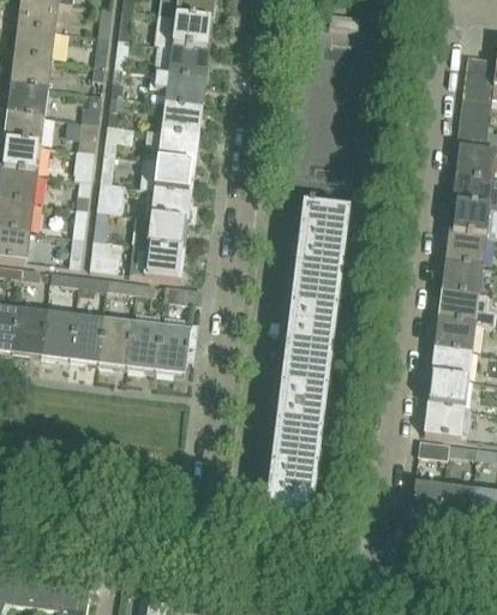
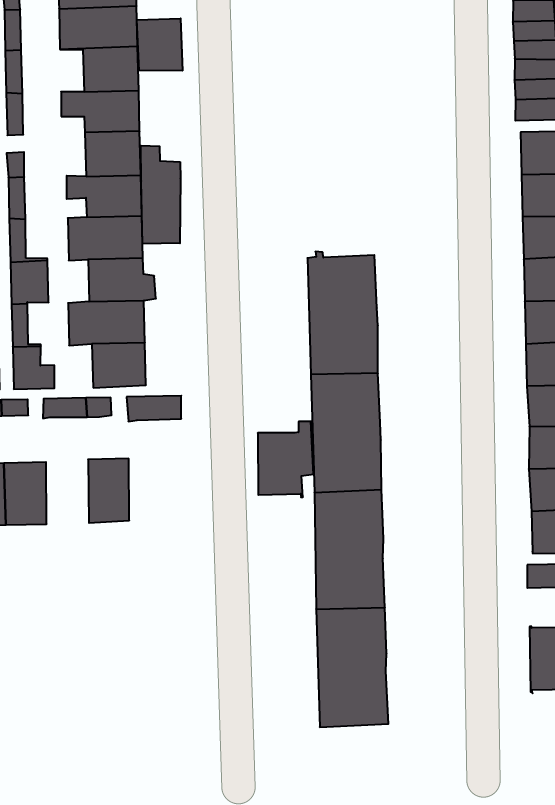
building: none -> [137,18,182,71]
building: none -> [141,146,180,244]
building: [98,318,133,364] -> none
building: [155,321,198,372] -> [258,421,314,497]

